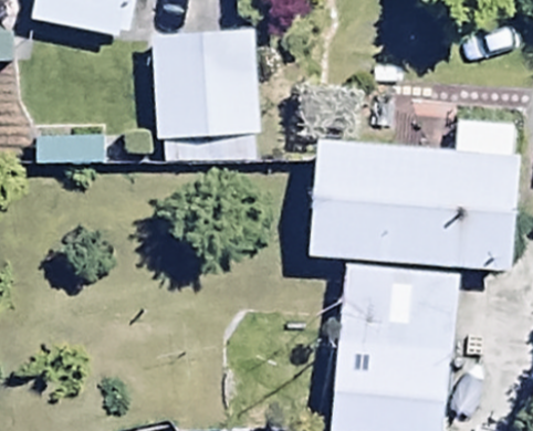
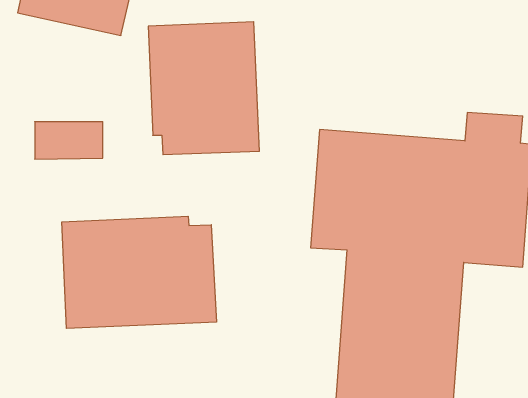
building: none -> [62,216,216,328]

